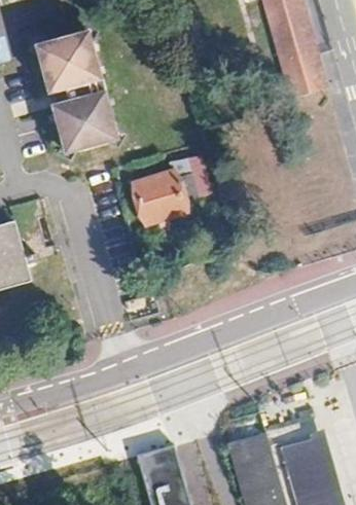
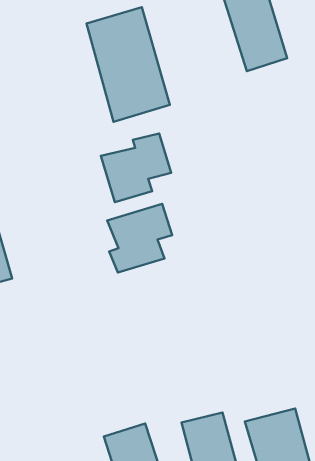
building: [35,37,120,154] -> [86,7,170,122]
building: none -> [107,204,172,273]

